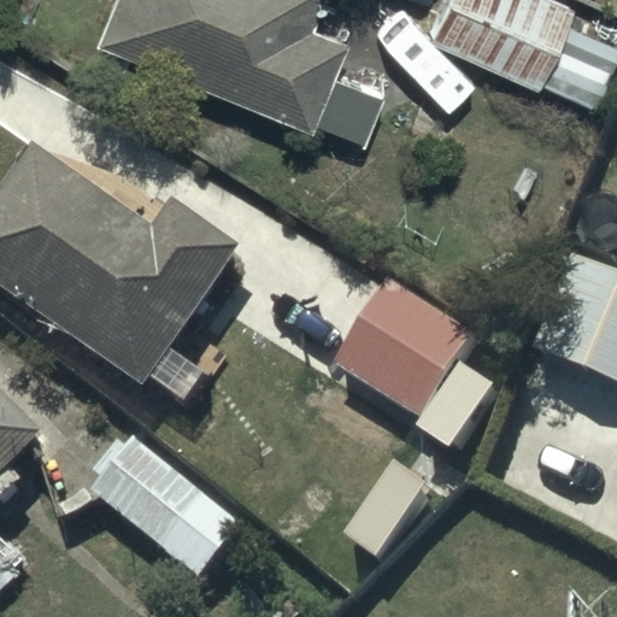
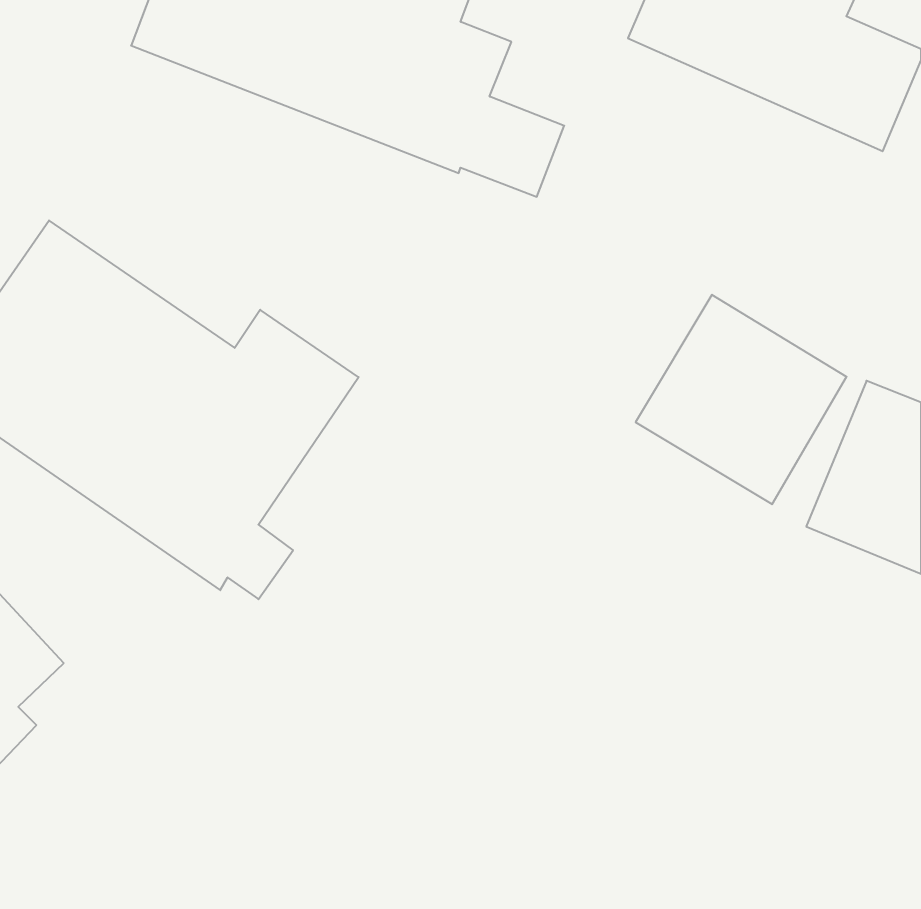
building: [337,276,477,415] -> [636,295,847,504]
building: [92,436,242,580] -> none

